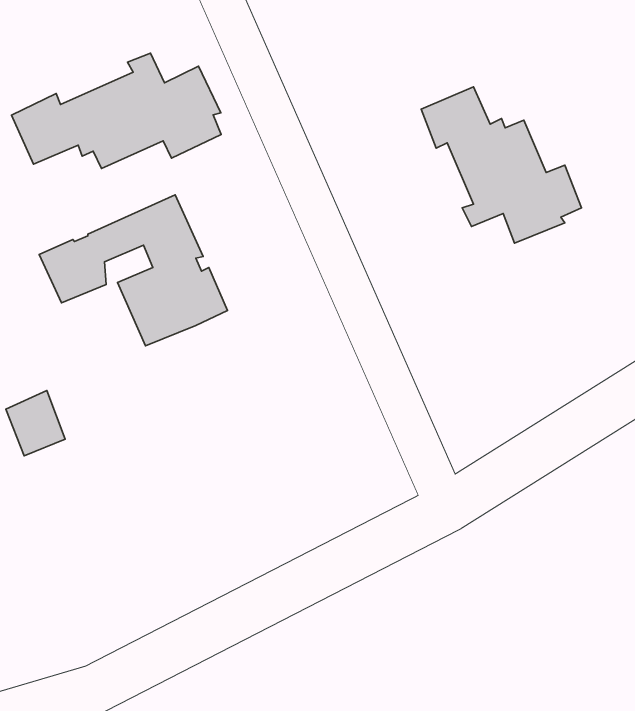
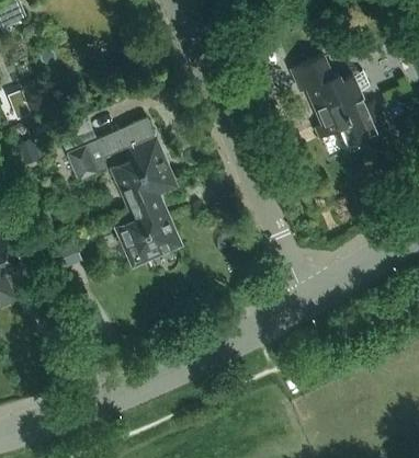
building: [11,53,221,168] -> none
building: none -> [116,194,181,265]

